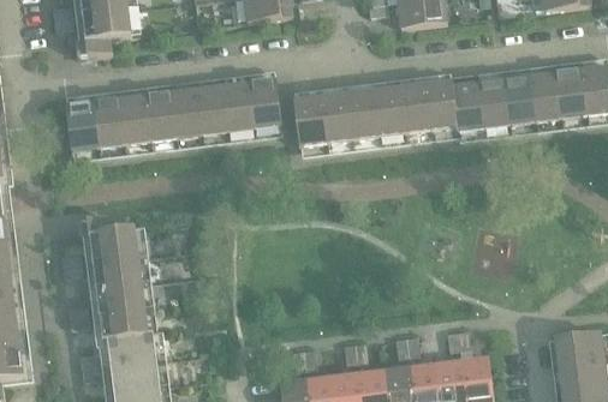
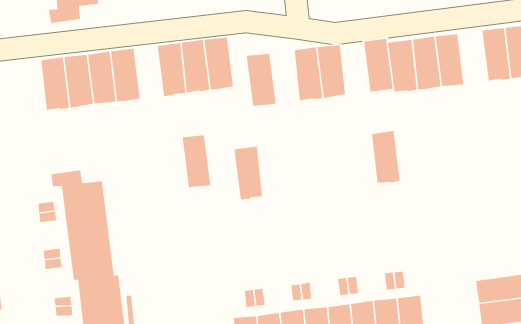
building: [526,65,560,125] -> none
building: [397,77,429,136] -> [371,130,401,183]
building: [168,82,201,140] -> [182,135,211,188]
building: [318,86,351,146] -> [234,146,263,200]

